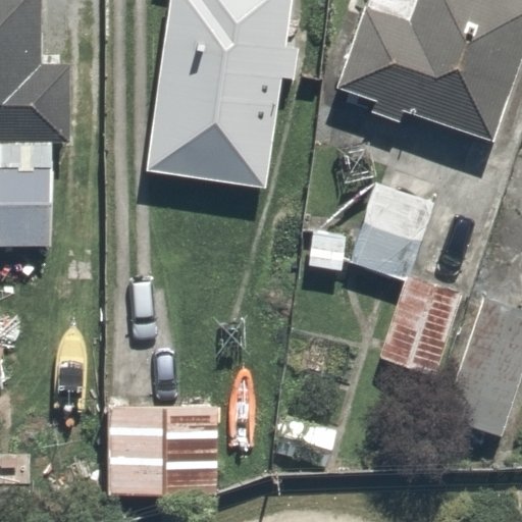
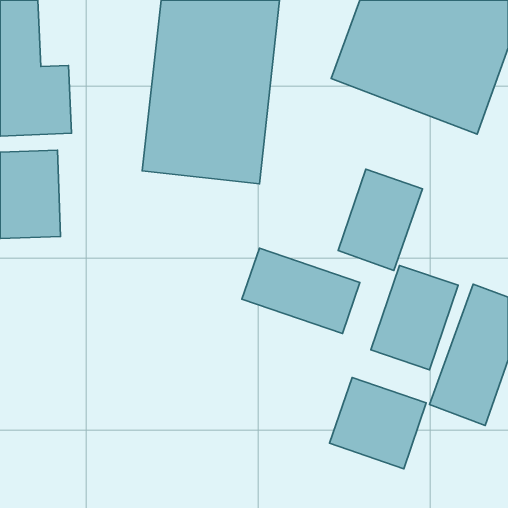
building: none -> [242,248,360,333]
building: none -> [330,378,426,469]
building: [107,396,221,504] -> none

